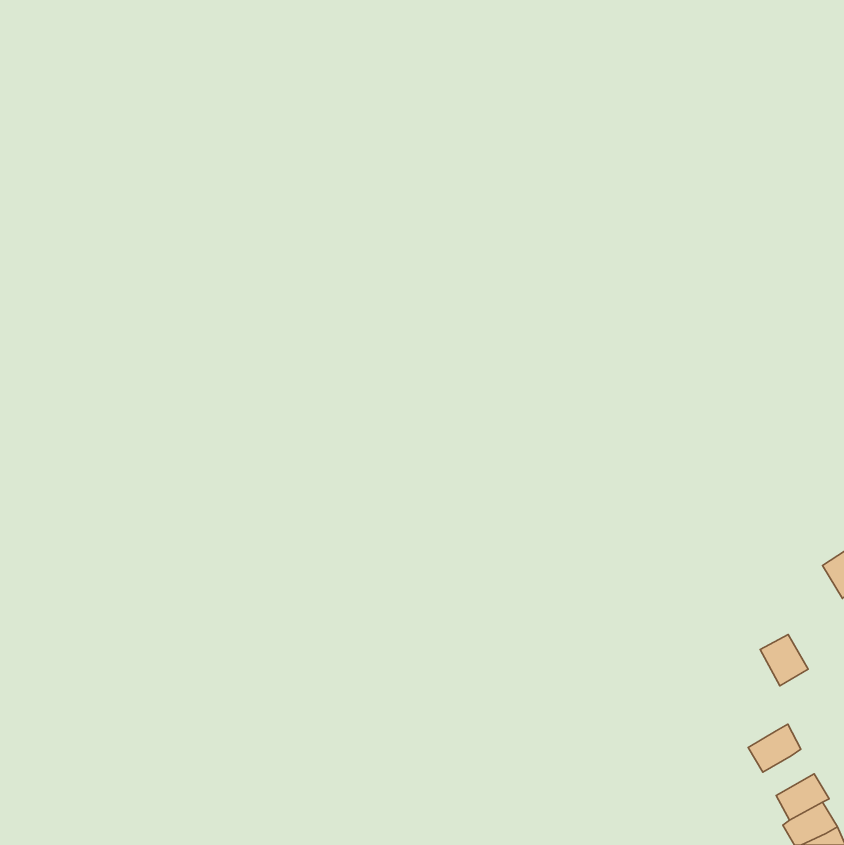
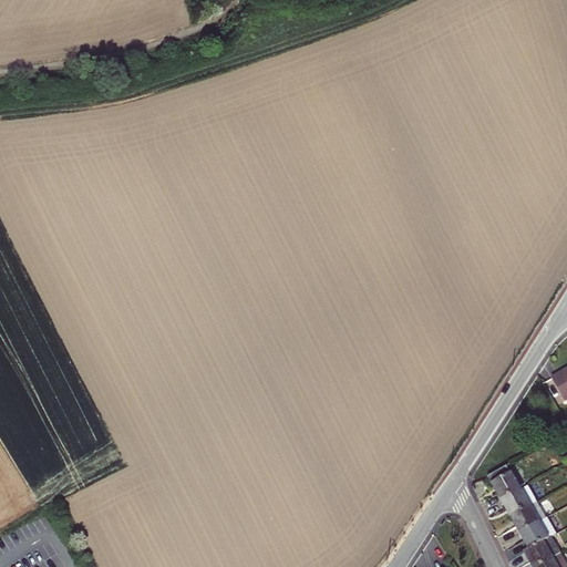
building: [760,635,808,686] -> [488,466,520,501]
building: none -> [512,502,547,533]

